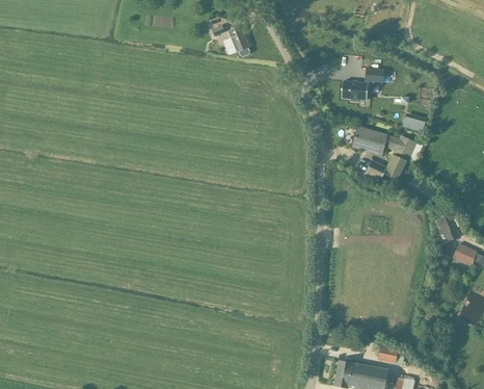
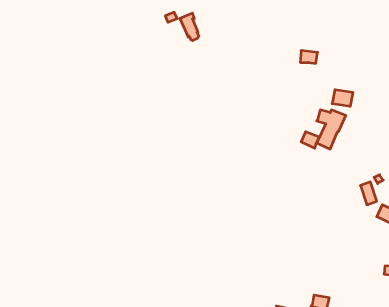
building: [342,80,375,100] -> none
building: [353,126,388,154] -> none

